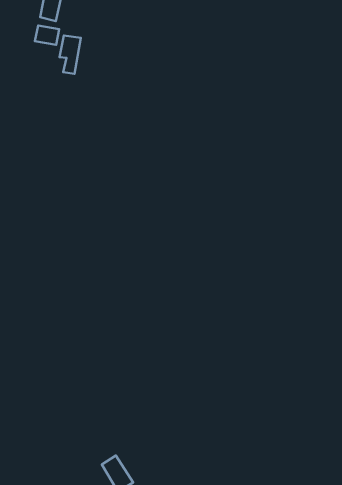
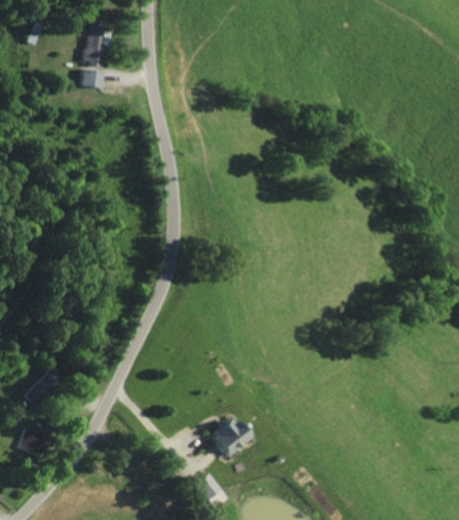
building: [60,35,81,74] -> none
building: none -> [211,419,246,454]

